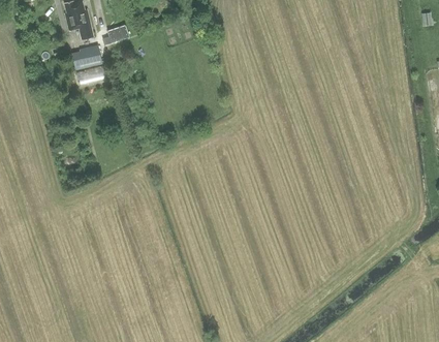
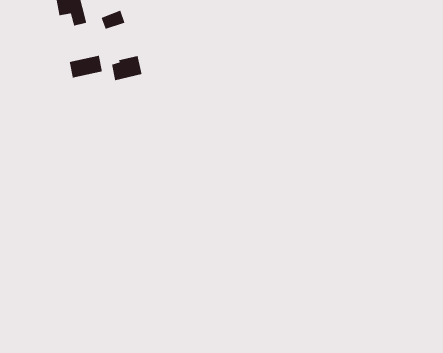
building: [72,44,101,68] -> [111,55,143,81]

